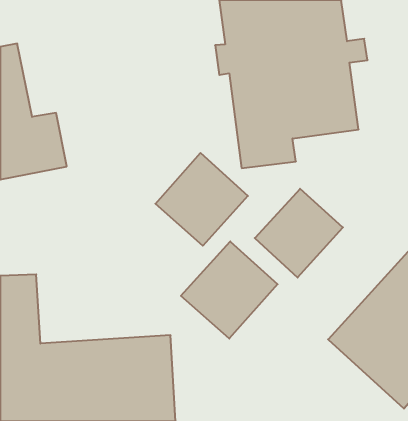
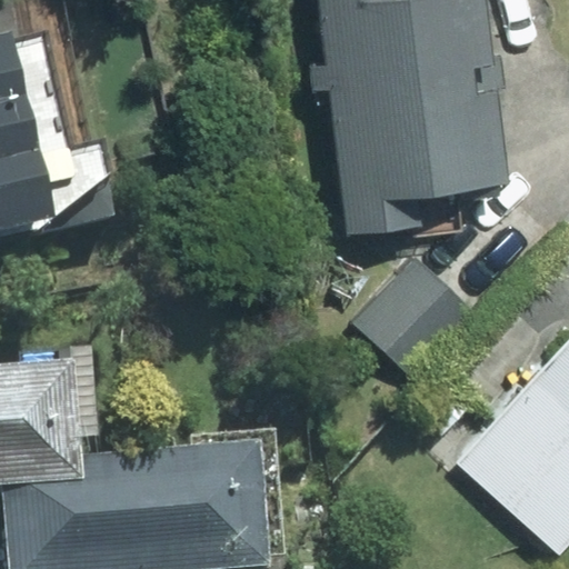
building: [155,153,248,246] -> none
building: [181,241,278,339] -> none

